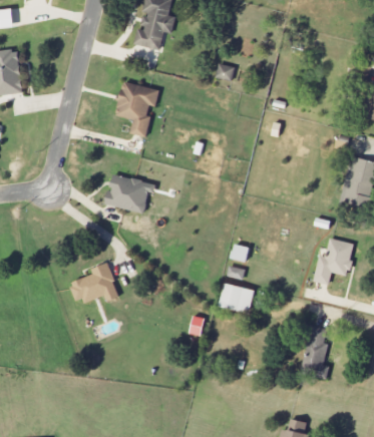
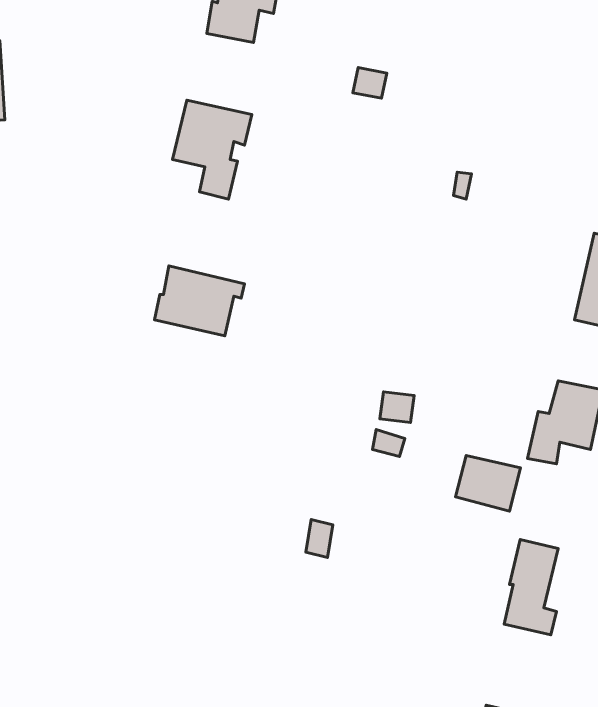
building: [69,263,120,303] -> none
building: [220,283,256,314] -> [455,455,520,511]

